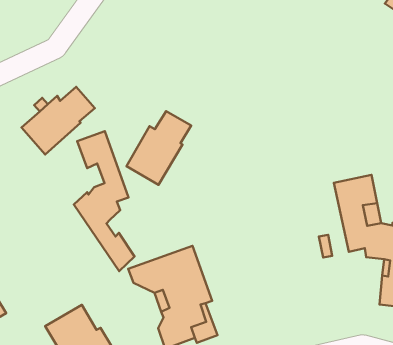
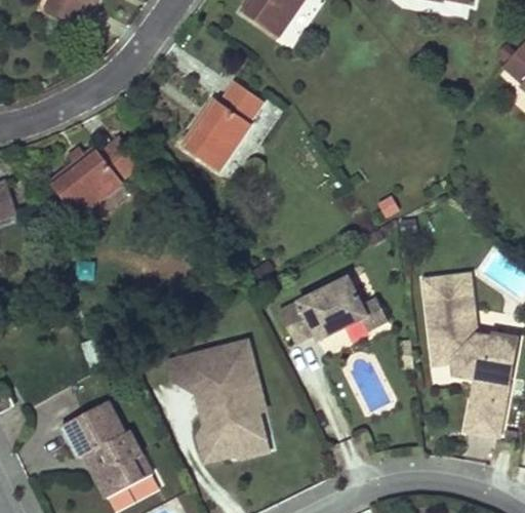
building: [127,111,191,185] -> [184,81,266,169]
building: [74,131,135,271] -> none
building: none -> [276,283,385,344]

